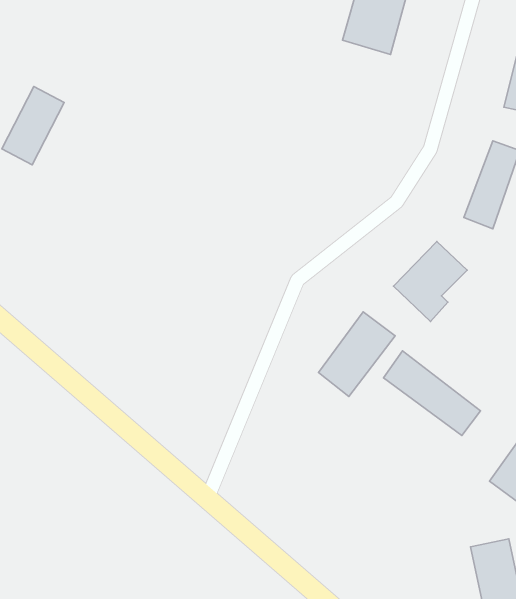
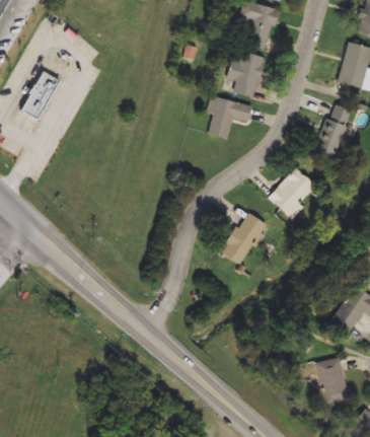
building: none -> [226,50,265,98]
building: none -> [207,97,252,140]
building: [383,351,481,436] -> none

